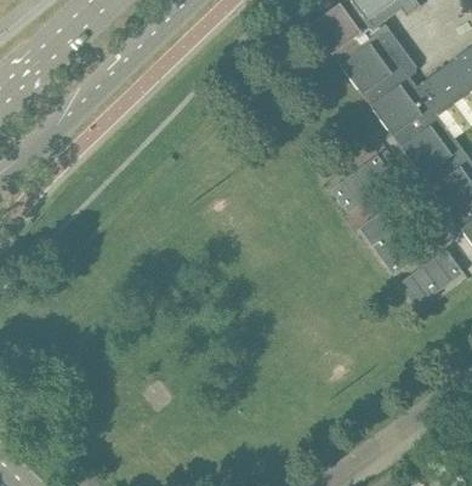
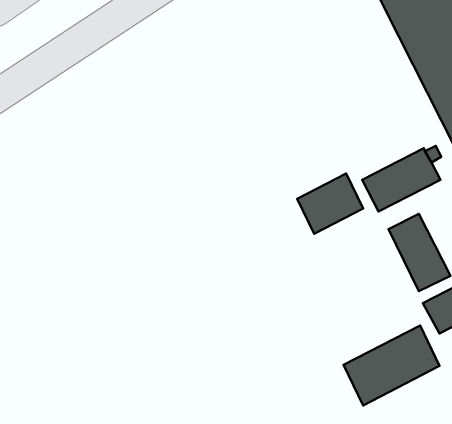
building: none -> [297,174,363,234]
building: none -> [344,325,440,405]

